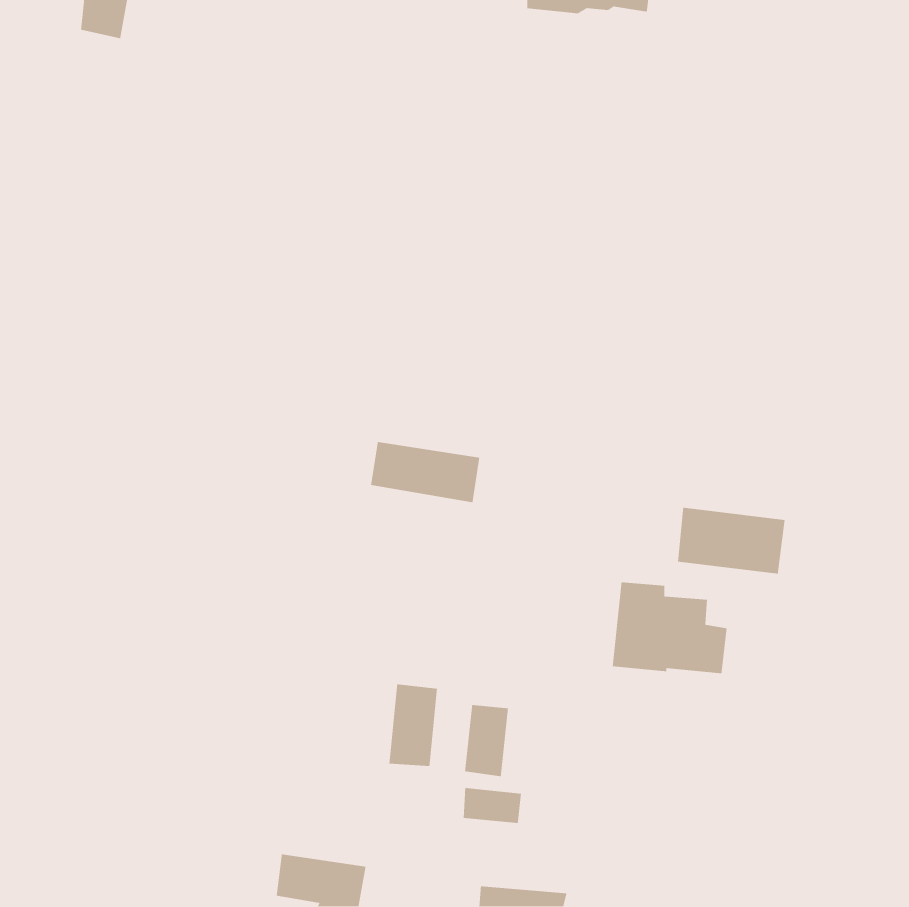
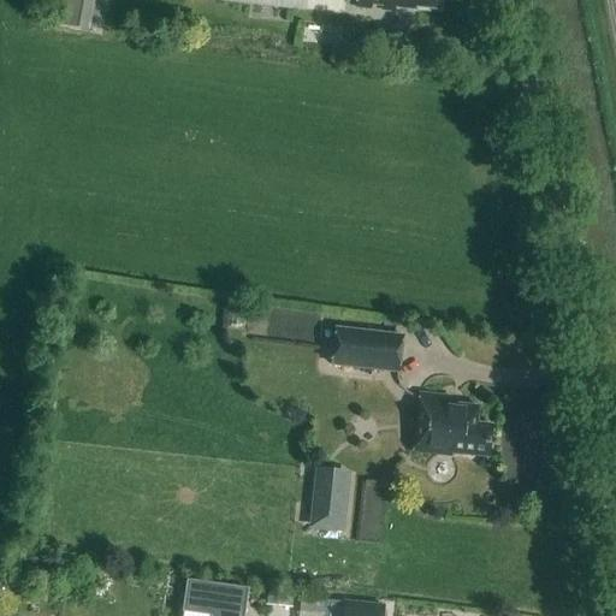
building: [677,507,786,575] -> [330,326,403,372]
building: [388,683,438,767] -> none
building: [463,787,522,824] -> none

